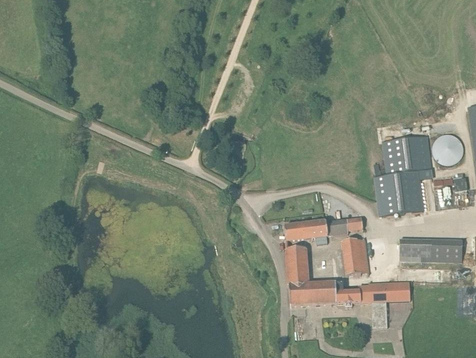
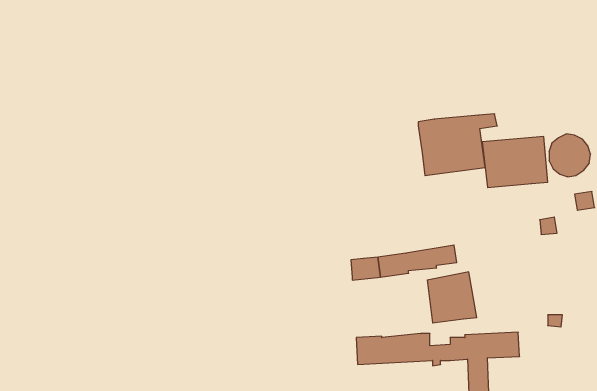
building: [374,169,433,215] -> [418,114,497,176]
building: [399,238,462,261] -> none
building: [286,248,307,285] -> none

